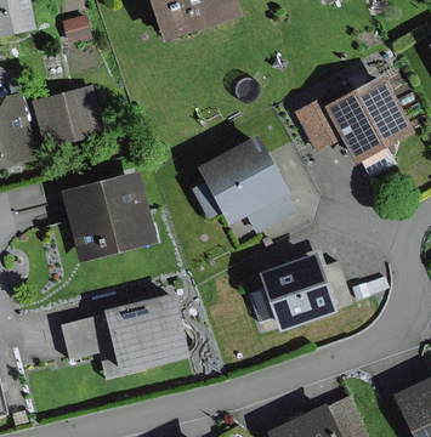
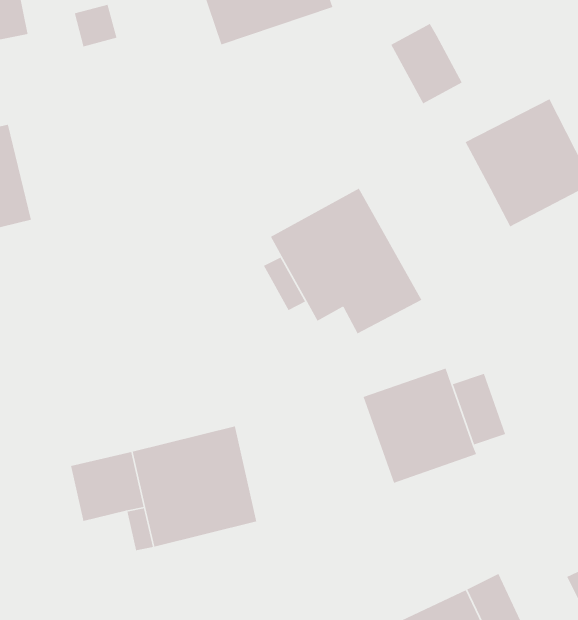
building: [35,84,107,144] -> none
building: [294,96,342,151] -> [390,23,463,105]
building: [61,171,157,261] -> none

